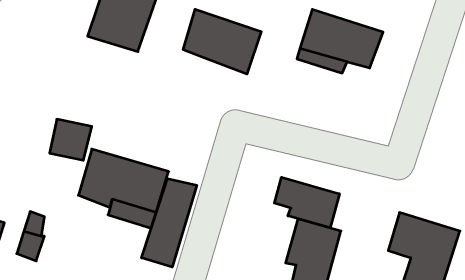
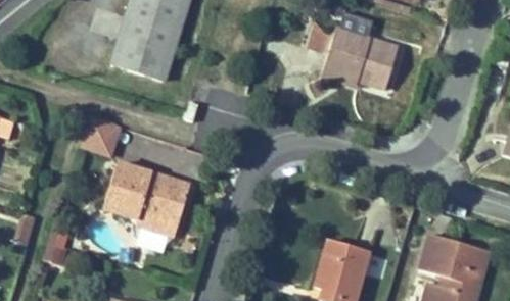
building: [183,9,261,74] -> none
building: [274,177,339,228] -> none
building: [142,179,197,267] -> none

